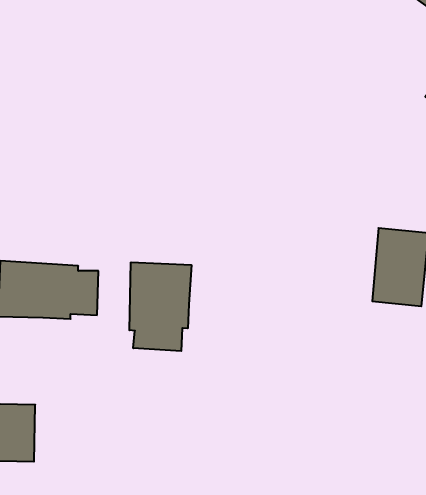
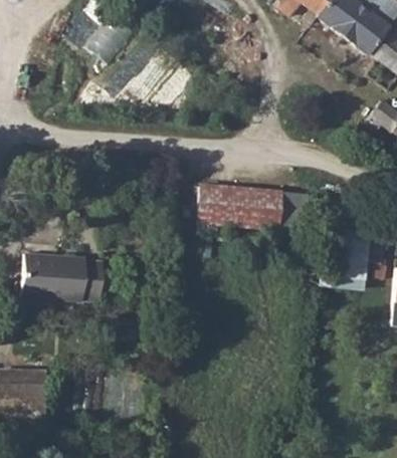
building: none -> [200,185,299,229]
building: [129,262,191,351] -> none

